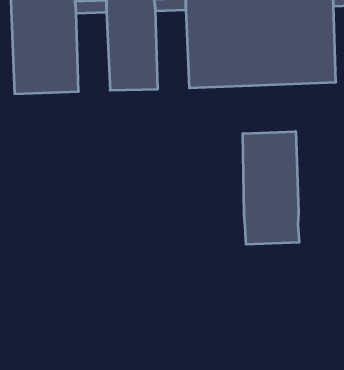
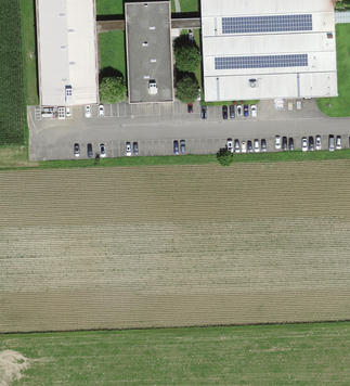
building: [243,131,299,244] -> none

